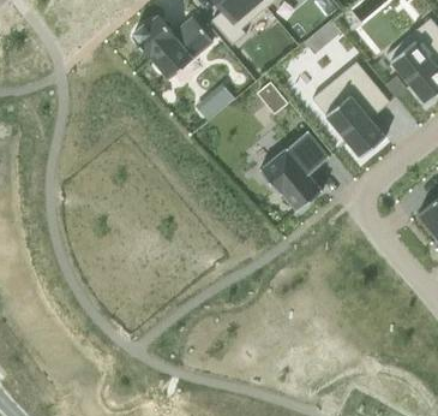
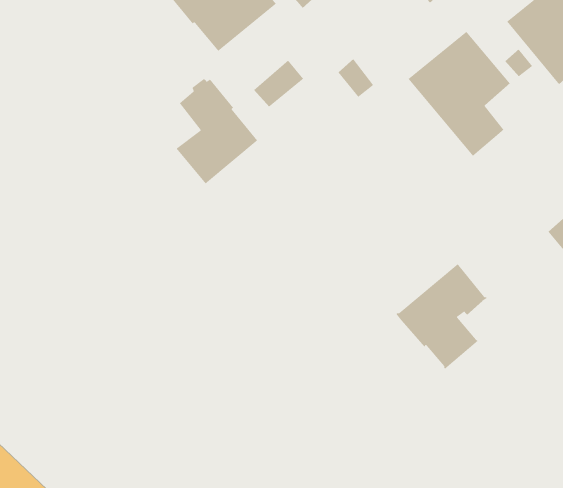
building: none -> [176,78,258,184]
building: [259,130,329,210] -> [396,263,488,370]

